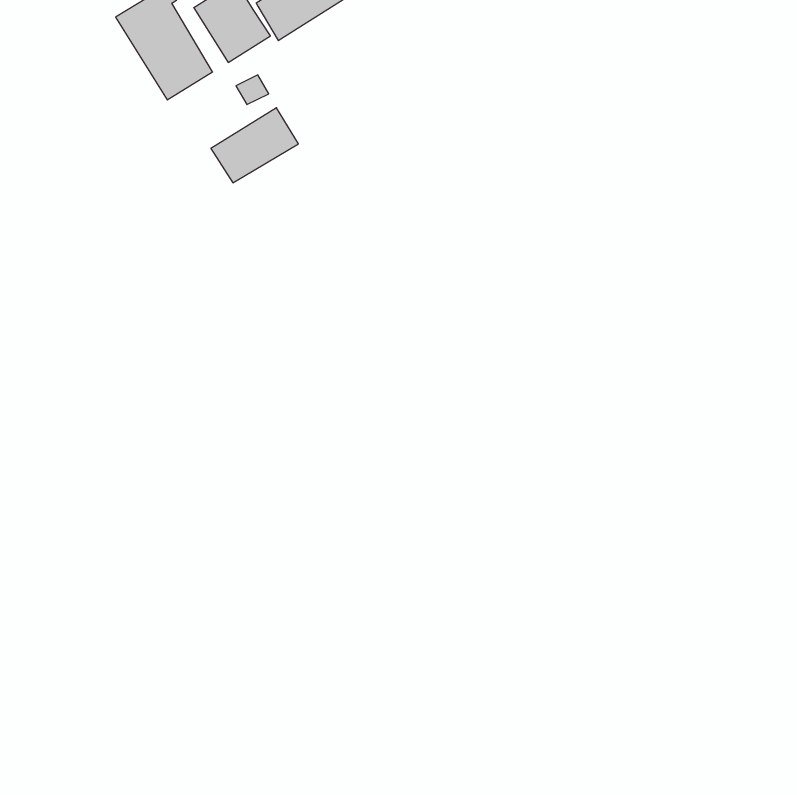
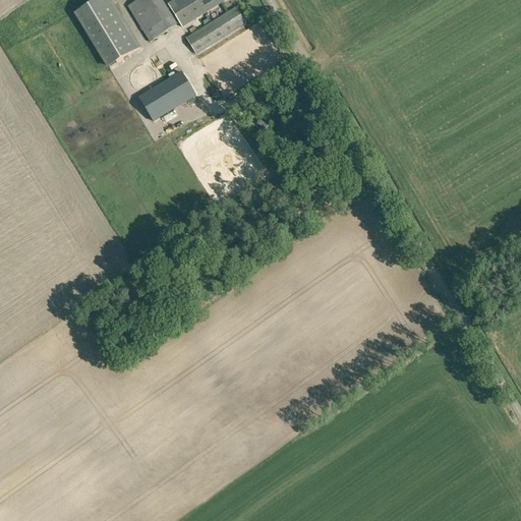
building: none -> [184,5,245,53]

